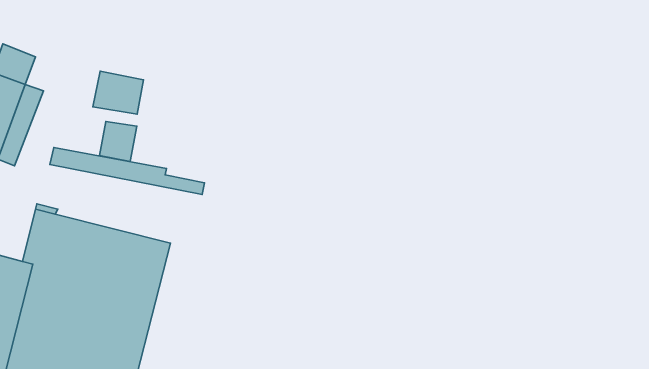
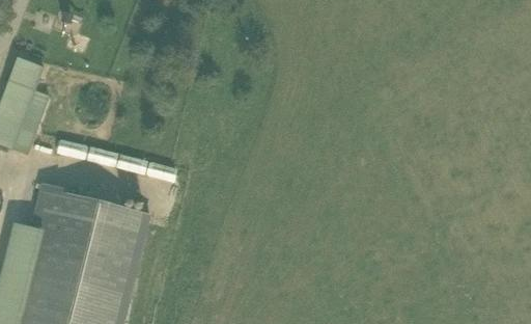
building: [93,71,143,114] -> none
building: [99,121,137,162] -> none

